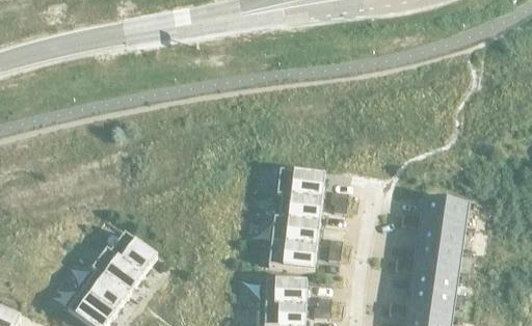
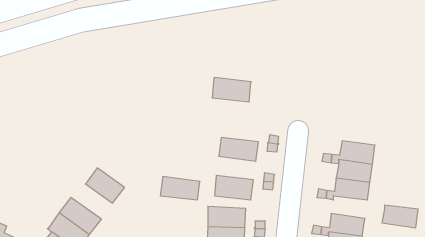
building: [277,166,325,196] -> [212,77,251,102]
building: [271,214,320,243] -> [160,176,200,200]
building: [92,244,143,292] -> none
building: [413,263,457,291] -> [382,205,418,228]

